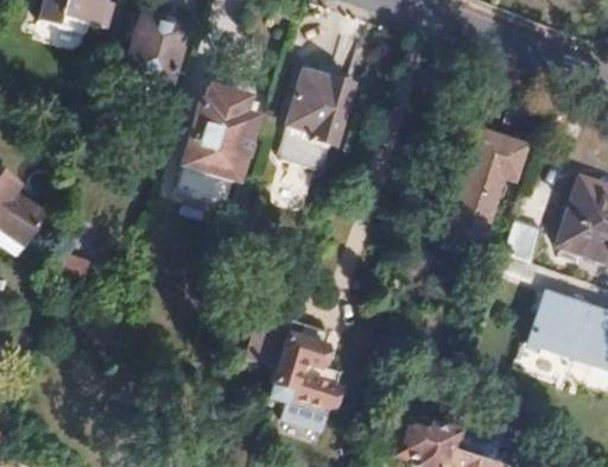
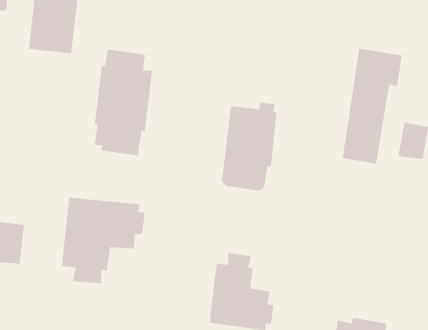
building: [277,71,350,169] -> [221,102,278,191]
building: none -> [61,197,145,284]

